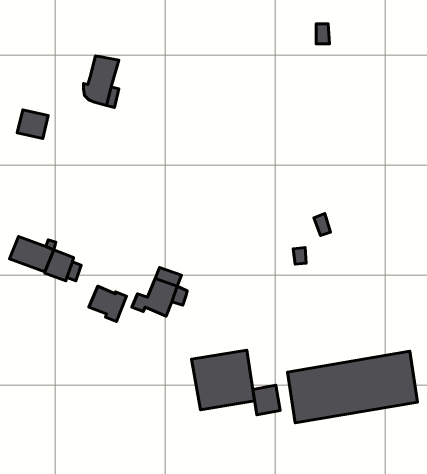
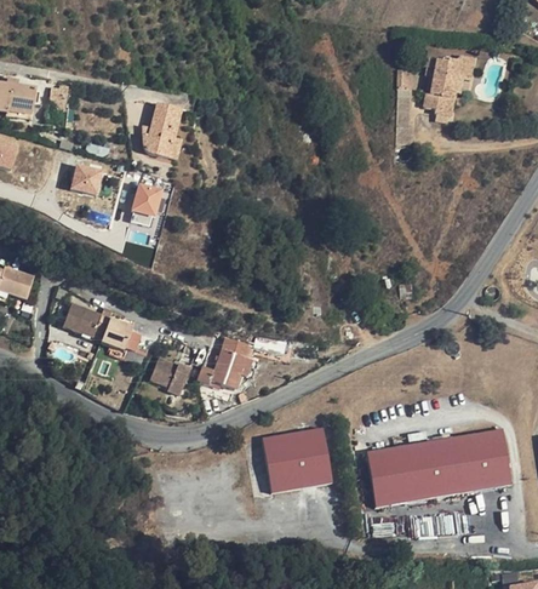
building: none -> [422,51,476,121]
building: none -> [132,182,165,216]
building: [253,385,280,415] -> none

